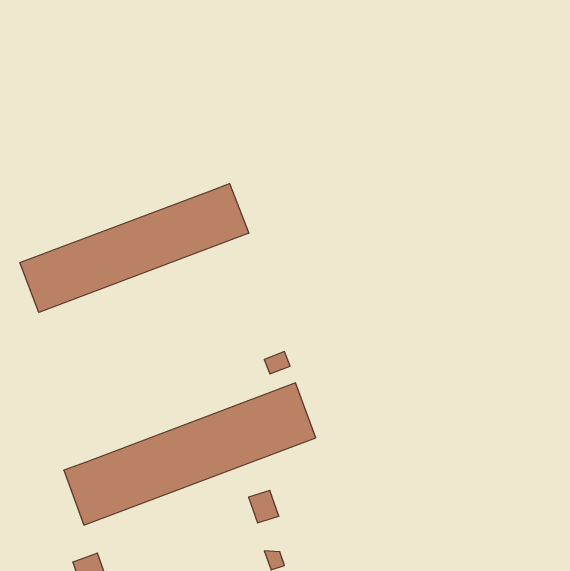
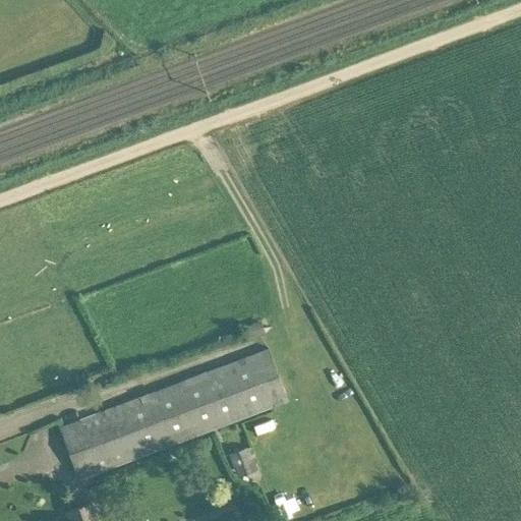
building: [20,184,249,312] -> none

